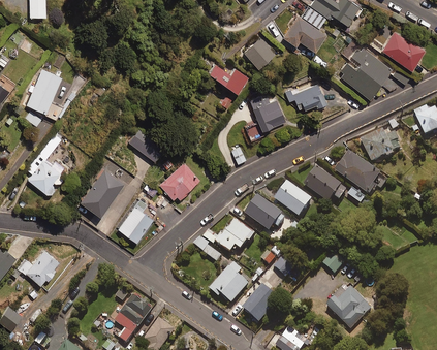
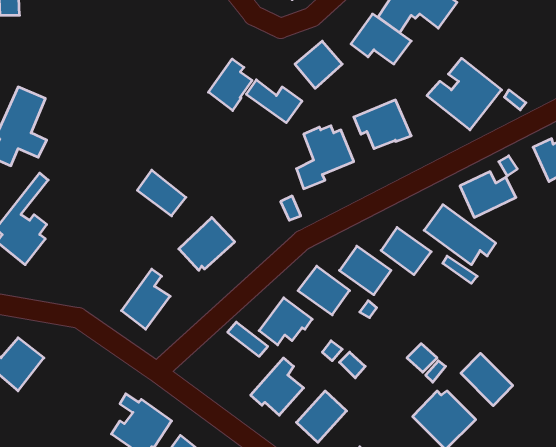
building: [380,30,424,70] -> none
building: none -> [208,59,252,111]
building: [77,168,122,216] -> none
building: none -> [461,353,513,406]

